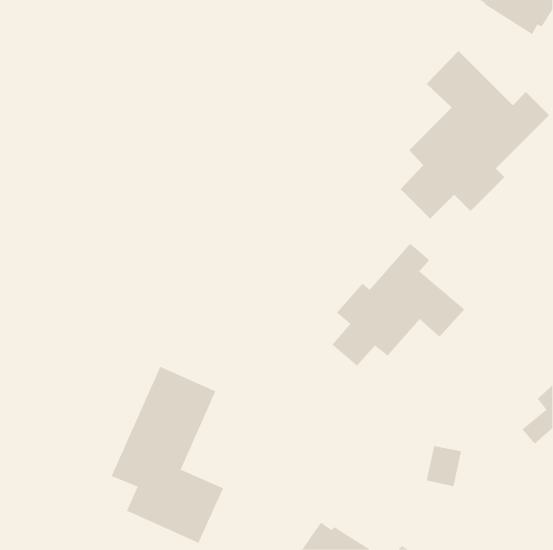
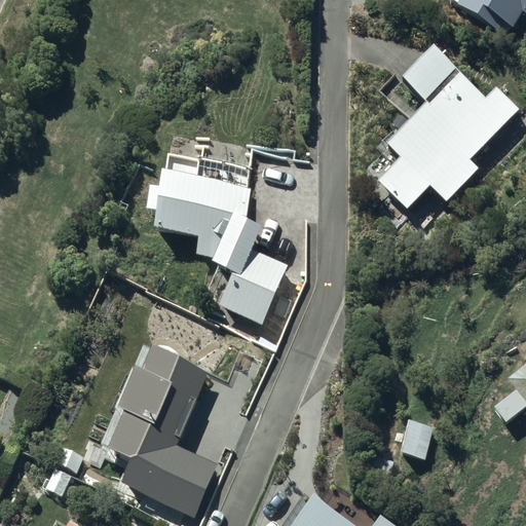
building: none -> [148,155,287,323]
building: [331,243,465,366] -> none

